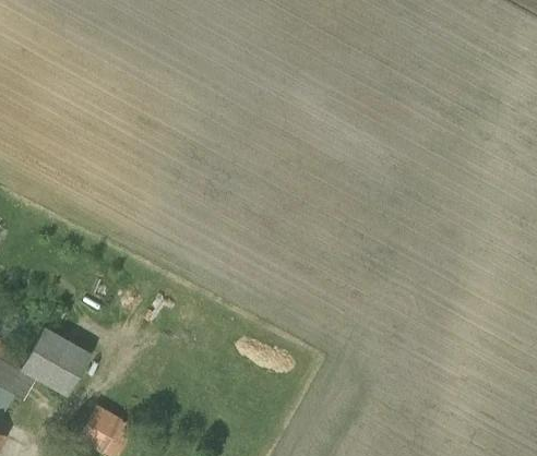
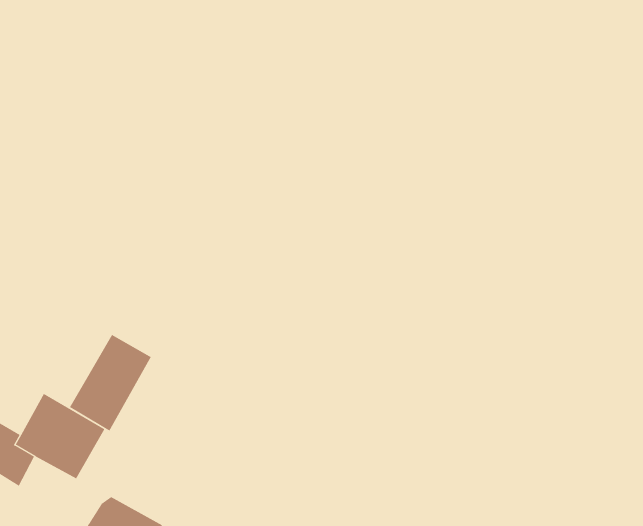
building: none -> [69,334,152,432]

